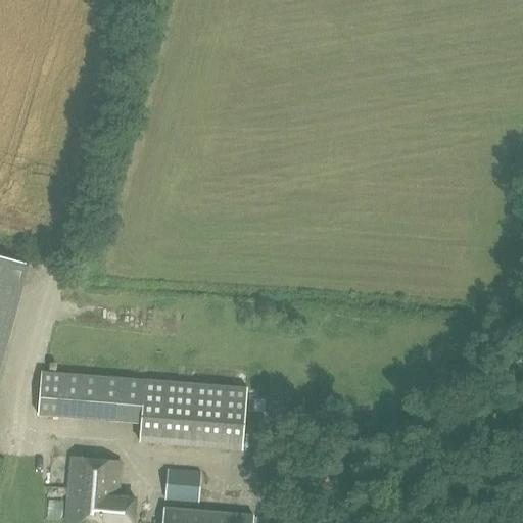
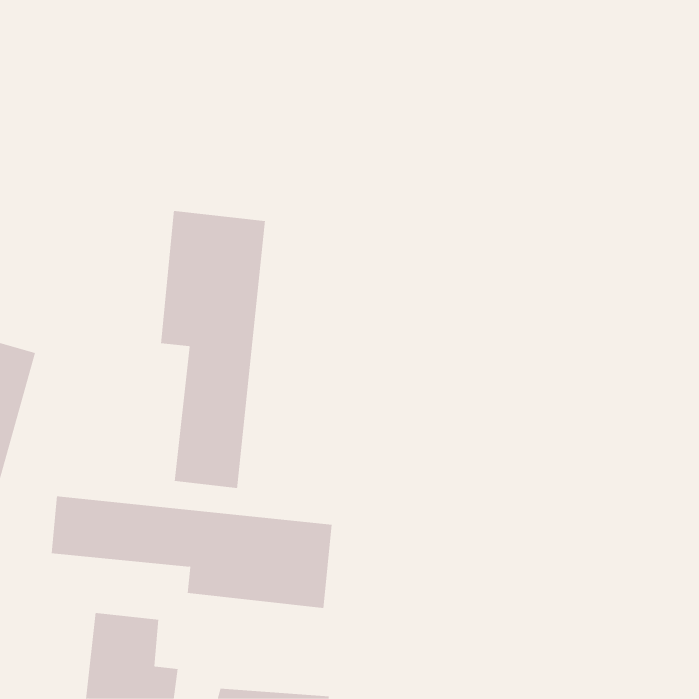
building: none -> [160,210,265,489]
building: [155,467,200,502] -> none

